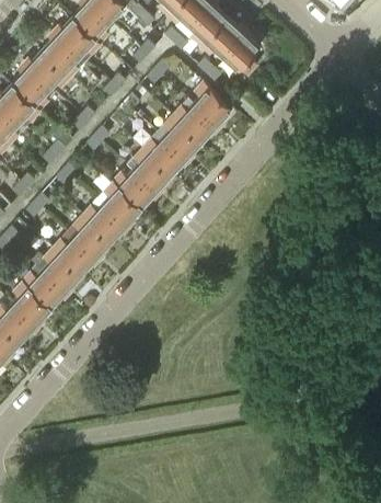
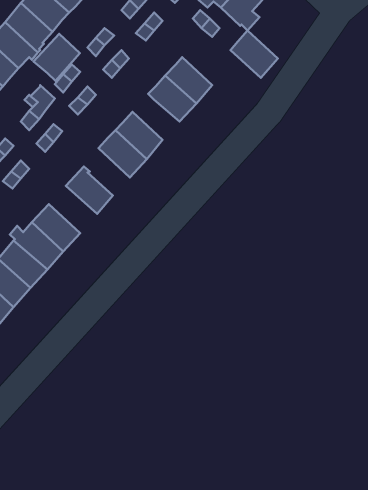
building: none -> [34,34,80,81]
building: [188,82,231,125] -> [231,31,278,78]
building: [143,133,186,174] -> none
building: [103,182,141,225] -> none
building: [68,216,112,259] -> none

